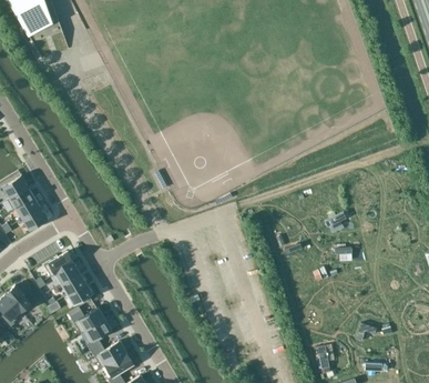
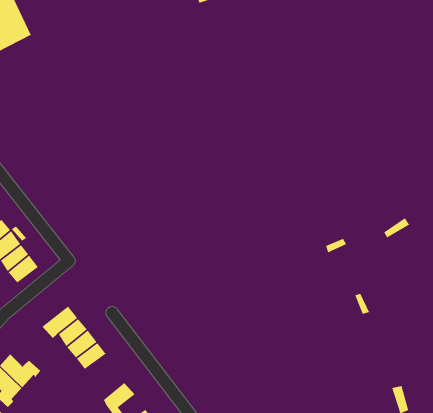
building: [70,308,104,334] -> none

